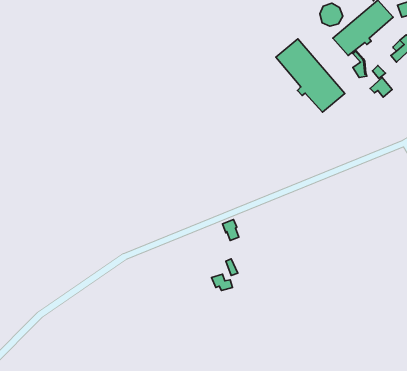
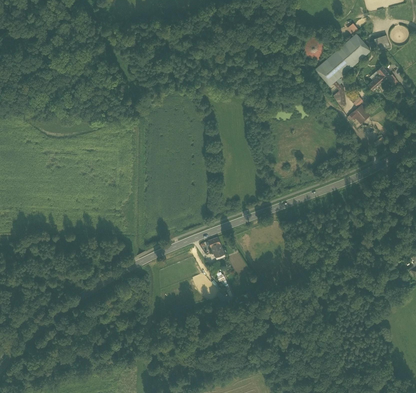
building: [276,39,345,112] -> none

